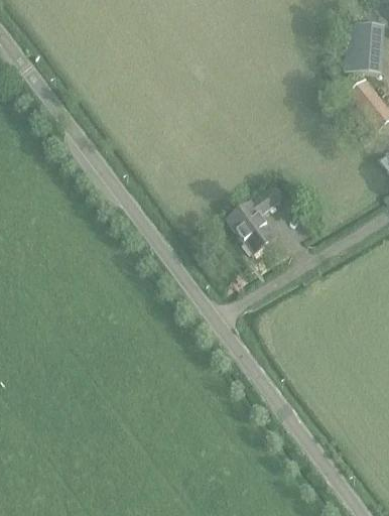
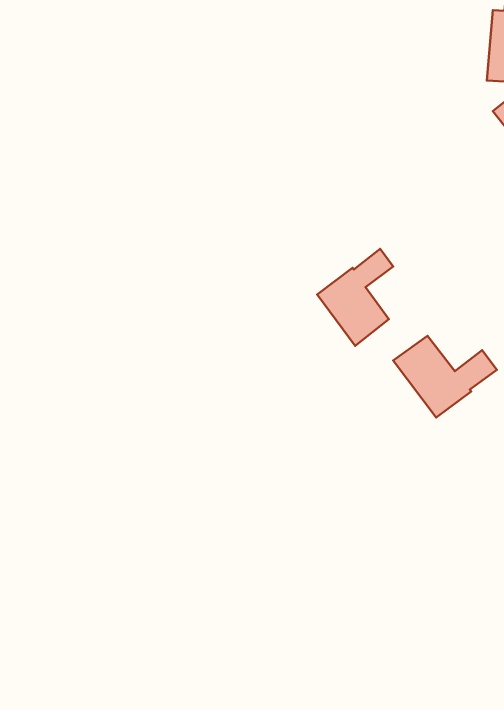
building: none -> [393,336,497,418]

